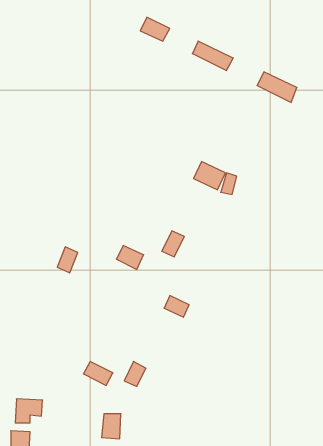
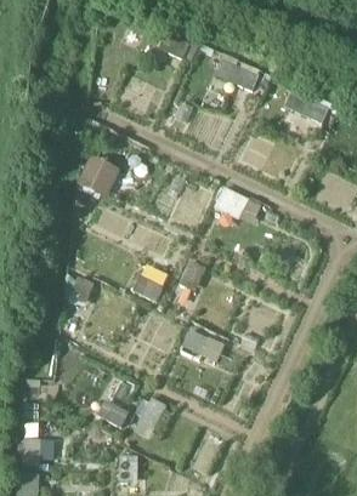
building: none -> [76,154,115,192]

